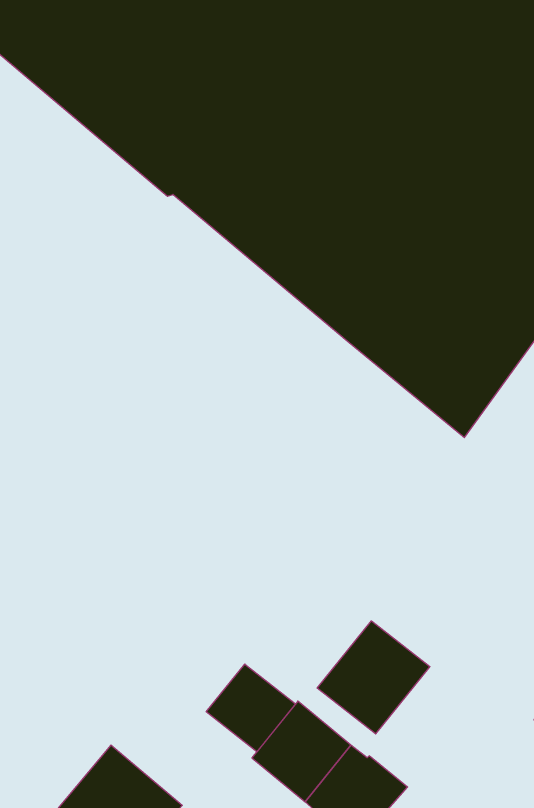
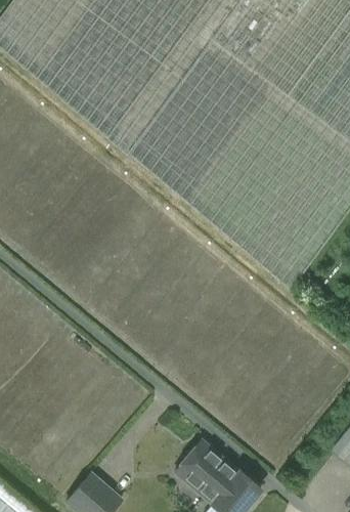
building: [317,621,430,734] -> none
building: [206,664,295,752] -> none

